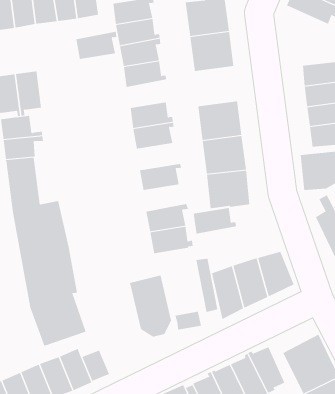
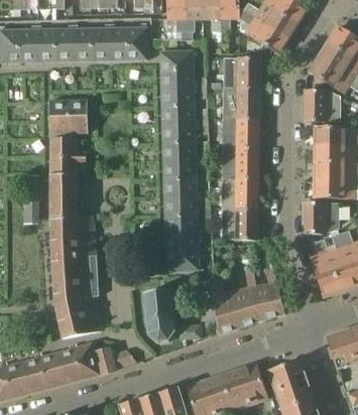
building: none -> [306,90,340,121]
building: [75,31,117,60] -> [162,122,199,142]
building: none -> [222,118,258,148]
building: none -> [164,177,201,196]
building: [193,207,237,234] -> [165,214,202,233]

